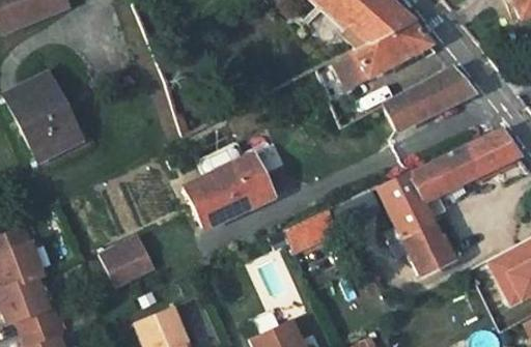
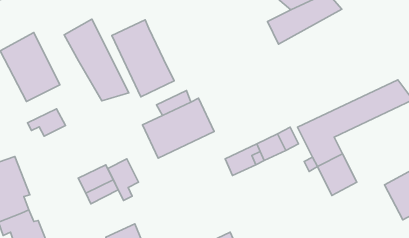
building: none -> [64,19,129,101]
building: none -> [112,20,174,97]
building: [384,68,474,132] -> none
building: none -> [28,109,65,136]
building: none -> [108,159,139,201]

